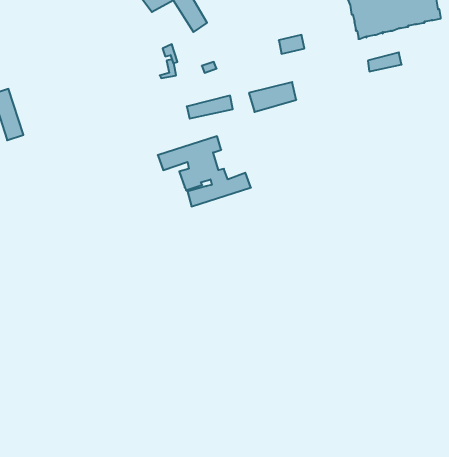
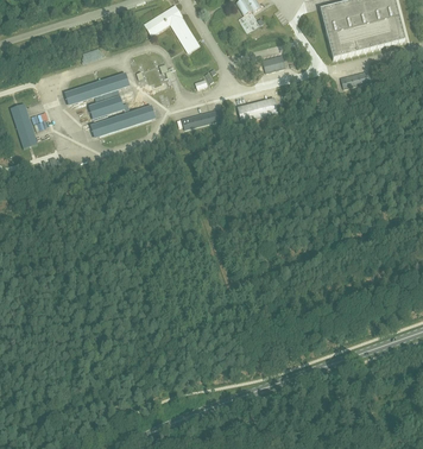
building: [158,136,251,206] -> [69,74,151,135]

